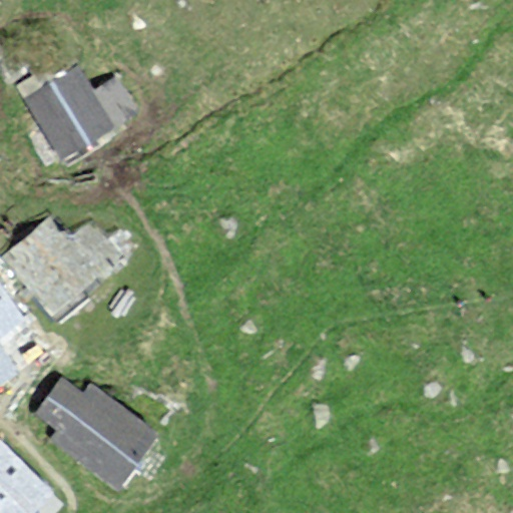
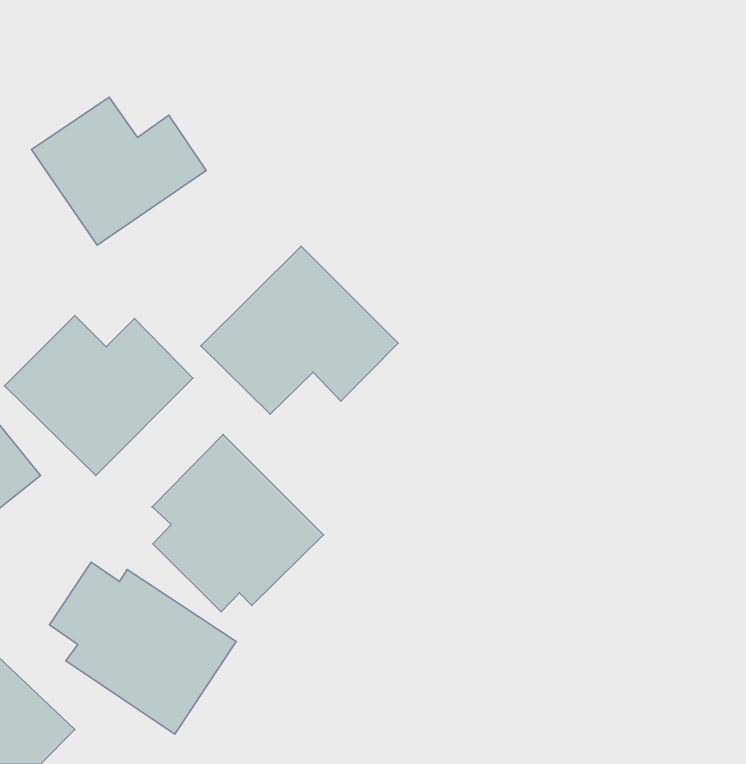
building: none -> [201,246,398,414]
building: none -> [152,434,323,612]

